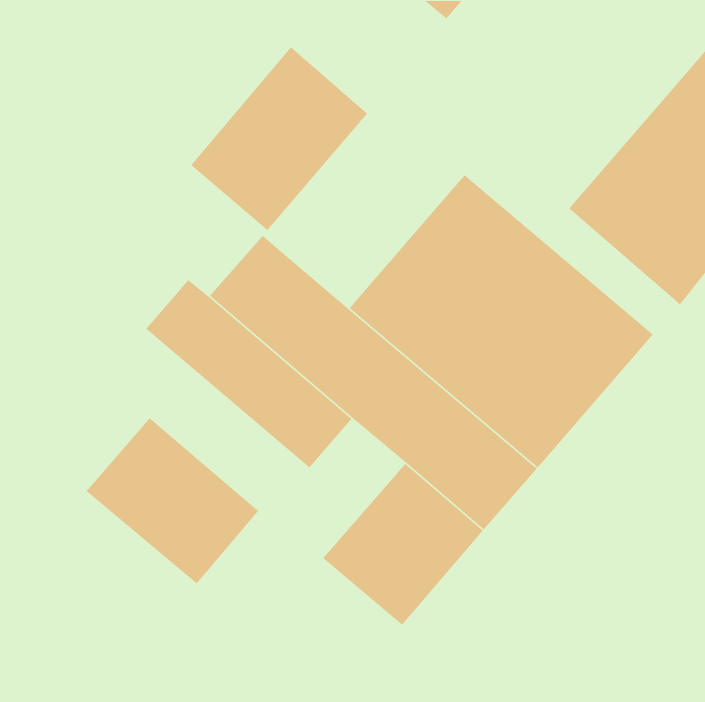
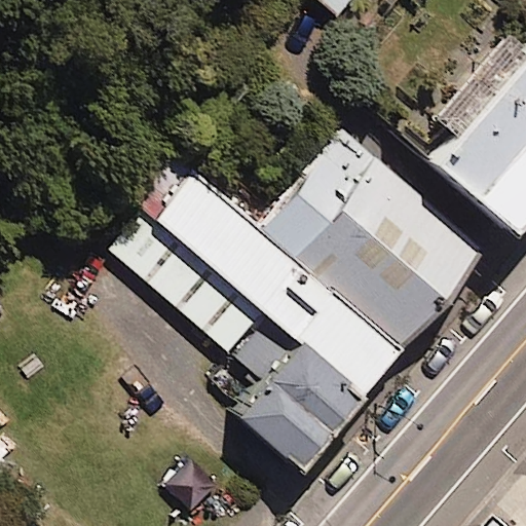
building: [190,46,368,231] -> none
building: [85,417,259,585] -> none

